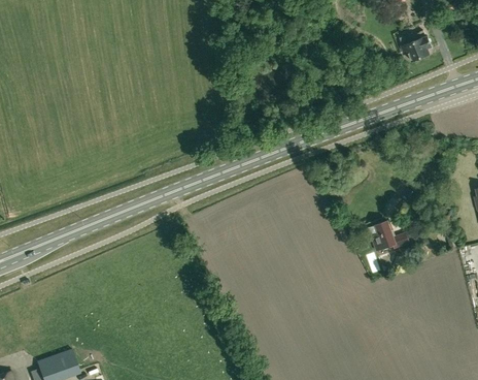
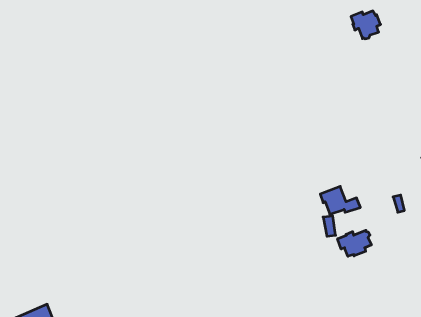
building: none -> [338,230,371,256]

